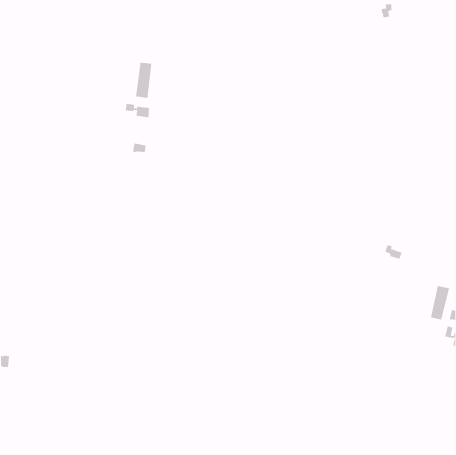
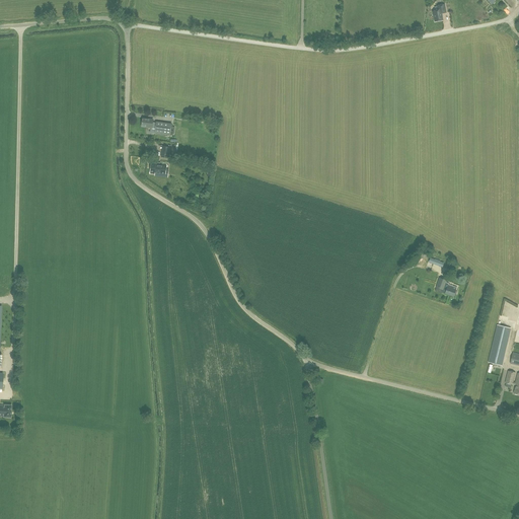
building: [135,62,152,99] -> none

